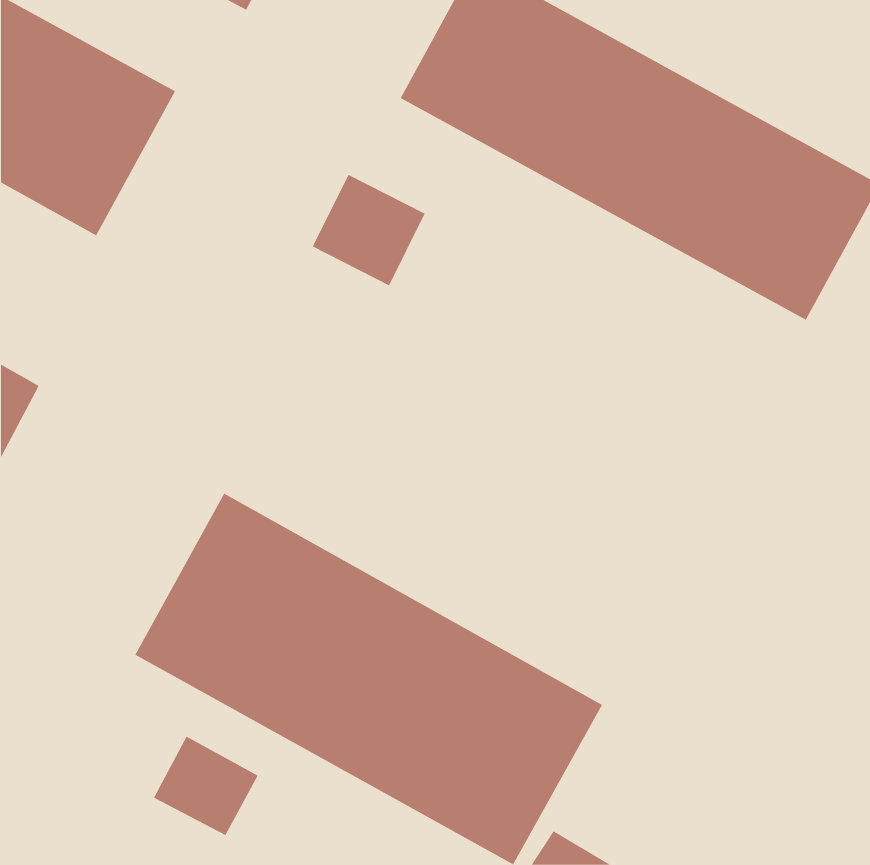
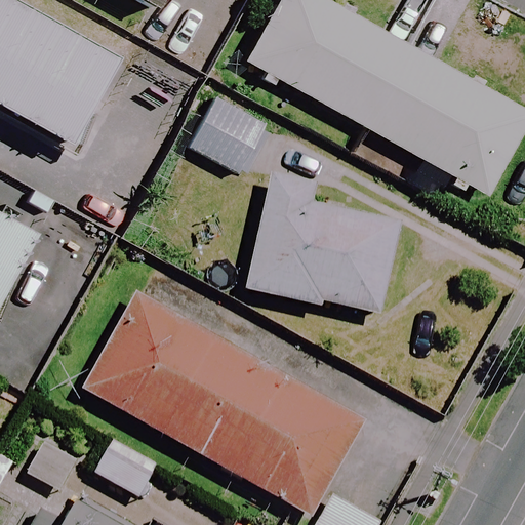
building: none -> [246,177,397,315]

